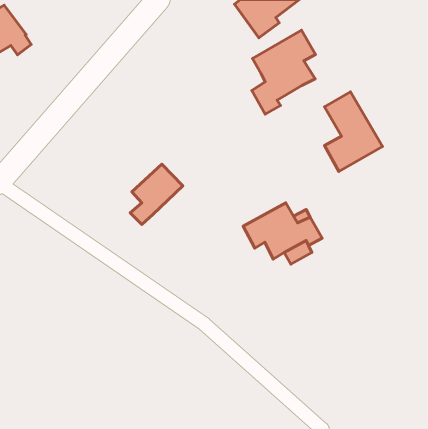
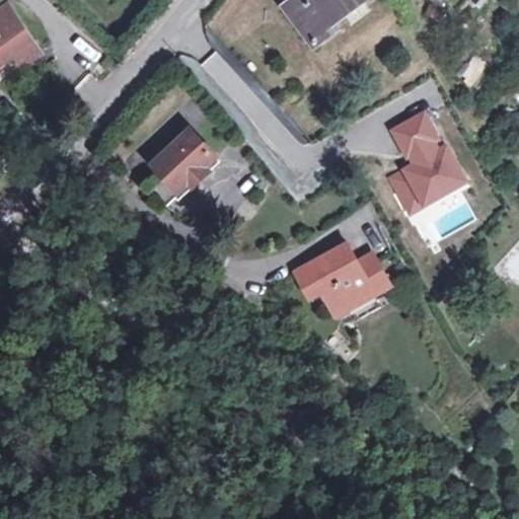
building: [252,30,316,114] -> none
building: [130,164,183,225] -> [150,132,214,205]

